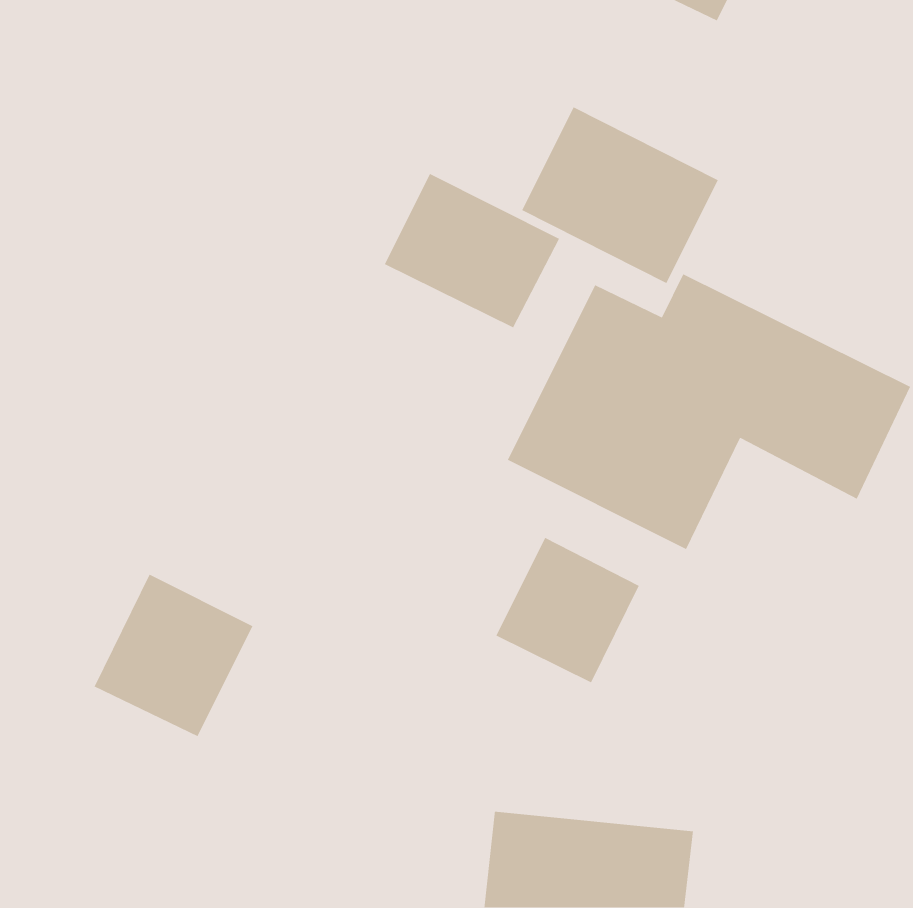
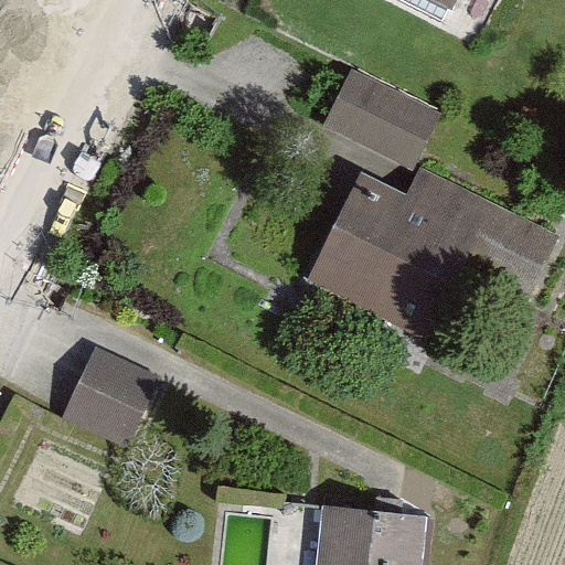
building: [384,173,560,329] -> none
building: [495,537,640,683] -> none

